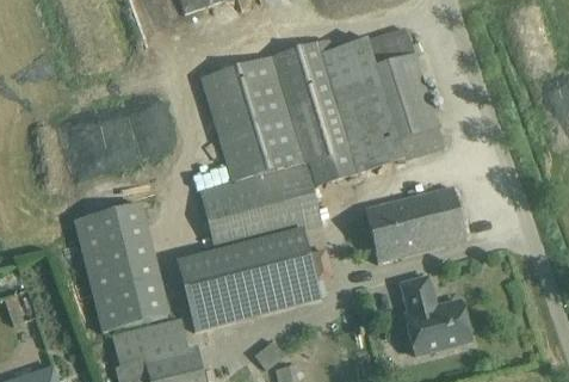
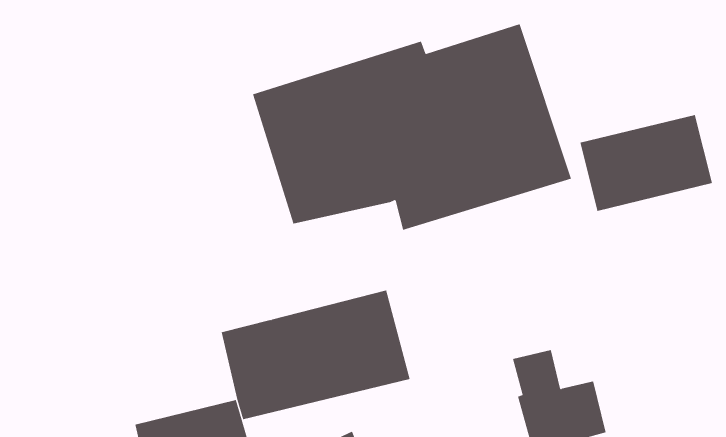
building: [199,164,323,253] -> none
building: [366,186,468,260] -> [580,114,713,211]
building: [74,203,171,333] -> none

